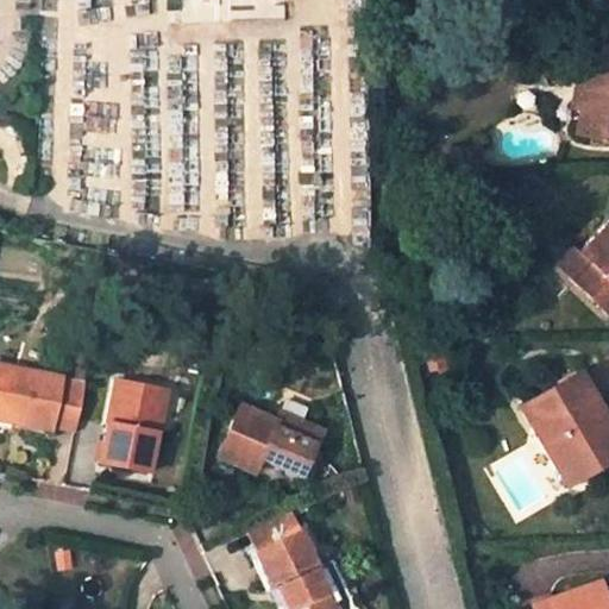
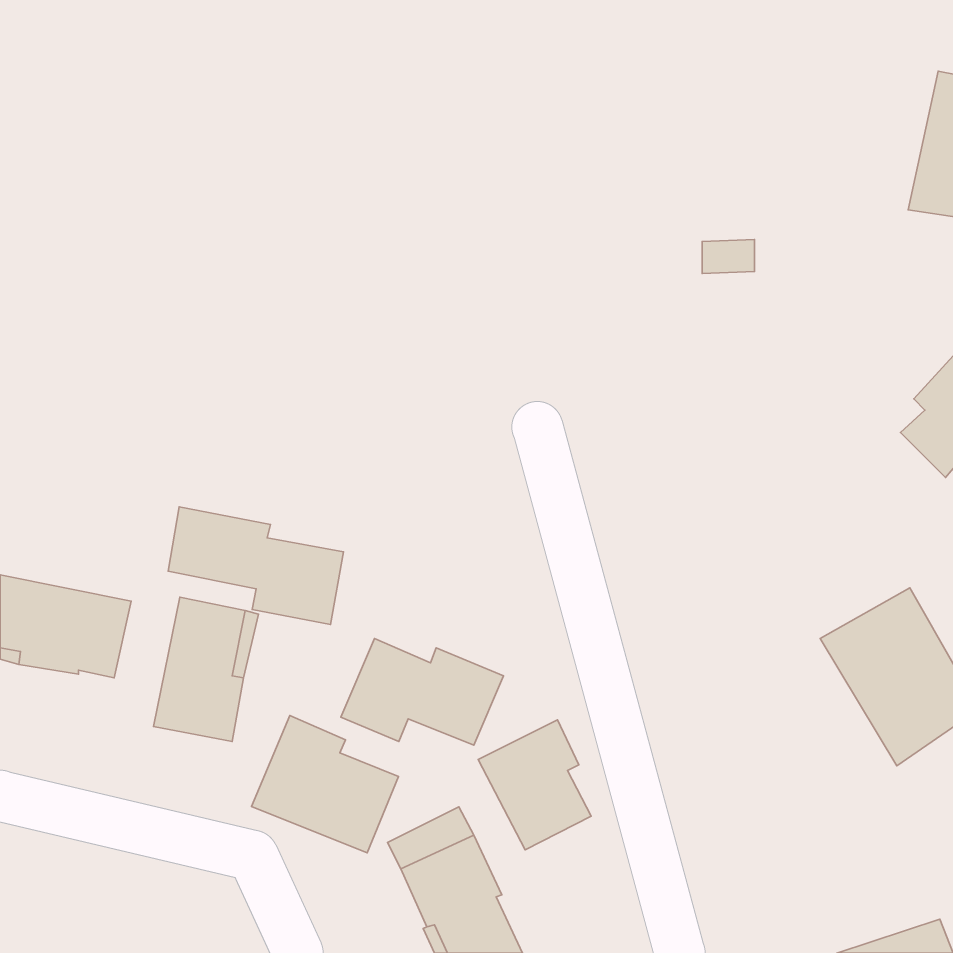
building: none -> [168,507,344,625]
building: none -> [252,715,398,853]
building: none -> [478,720,591,850]

